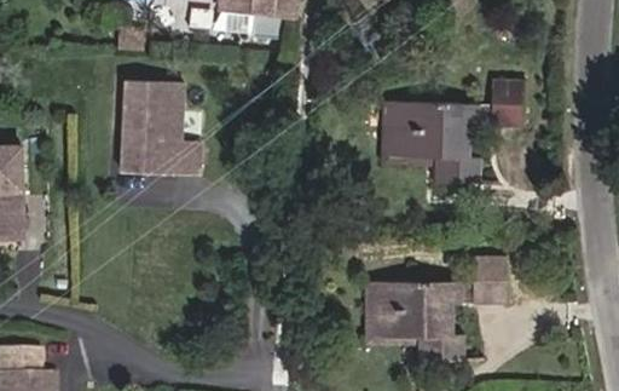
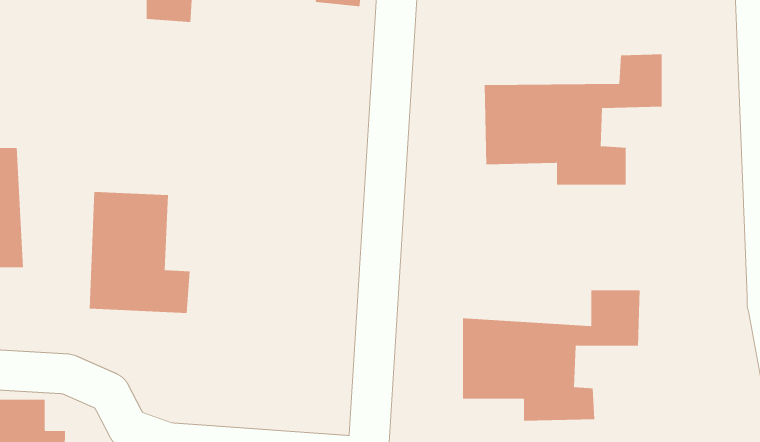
building: [128,82,207,177] -> [89,192,191,313]

